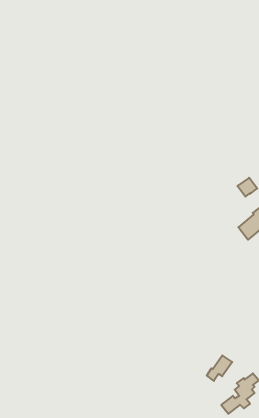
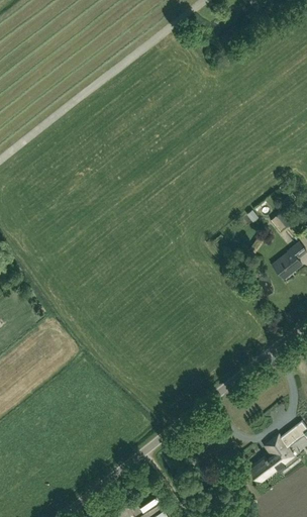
building: [207,355,232,381] -> none

